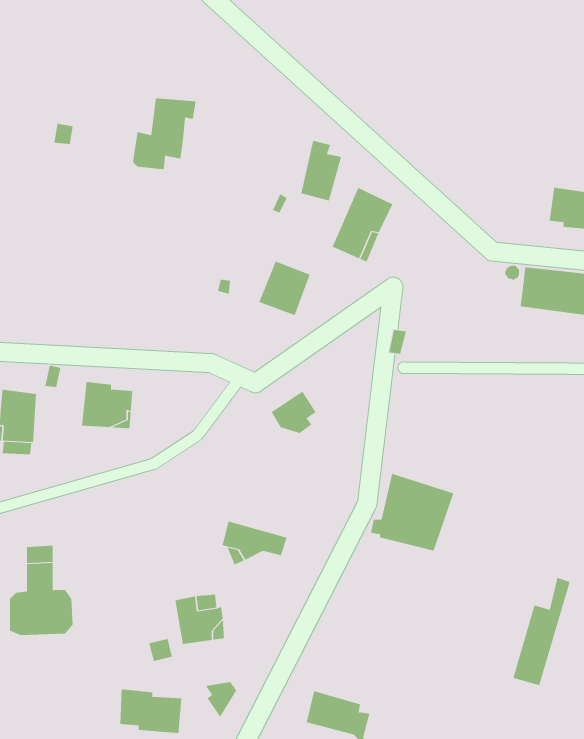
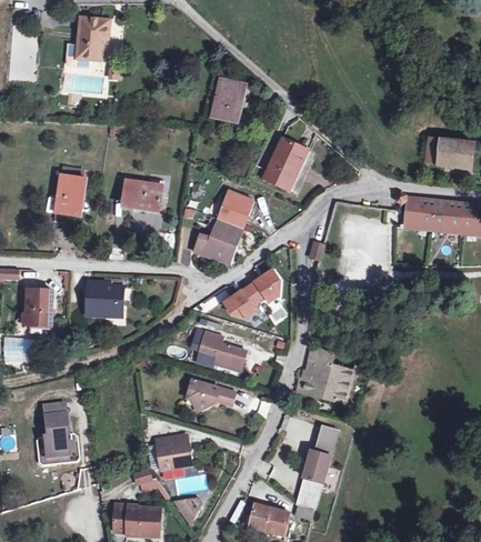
building: [132,98,196,170] -> [66,16,112,68]
building: [300,140,342,201] -> [216,81,245,126]
building: none -> [51,170,84,210]
building: none -> [117,180,160,210]
building: none -> [193,221,241,262]
building: none -> [247,269,278,301]
building: none -> [188,330,245,371]
building: [512,577,570,686] -> [293,430,335,509]

